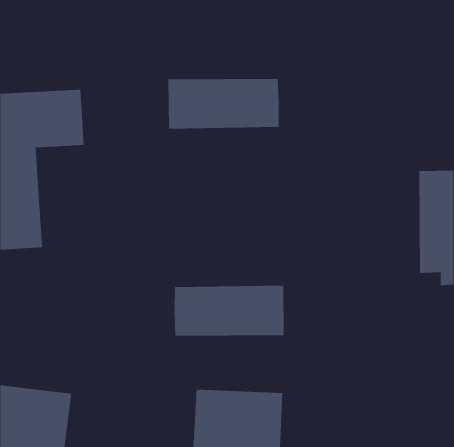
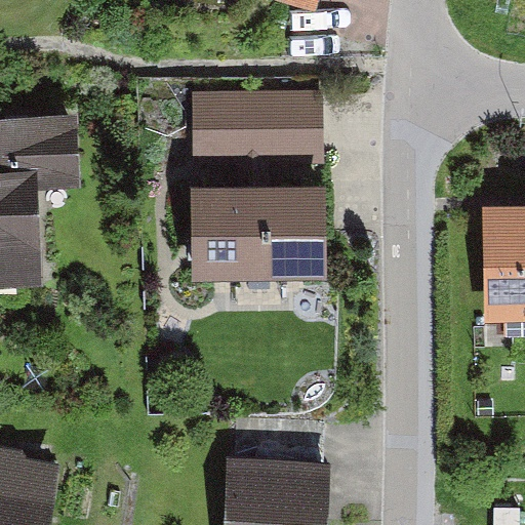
building: none -> [190,185,325,278]
building: [174,285,284,337] -> none

